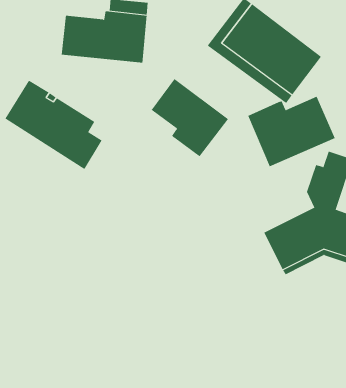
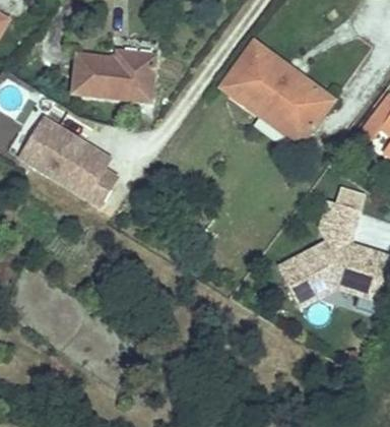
building: [151,78,229,157] -> none
building: [247,96,336,167] -> none

